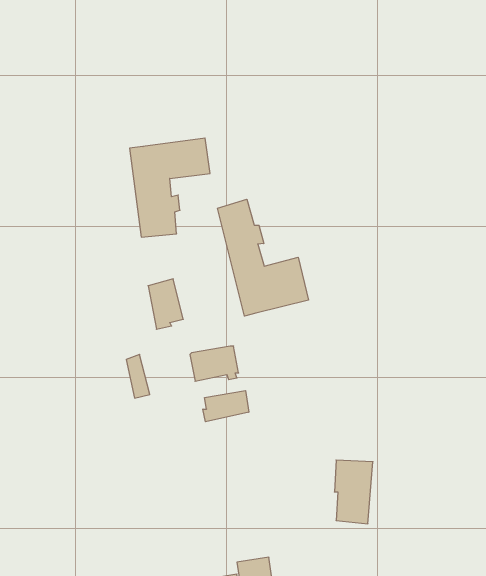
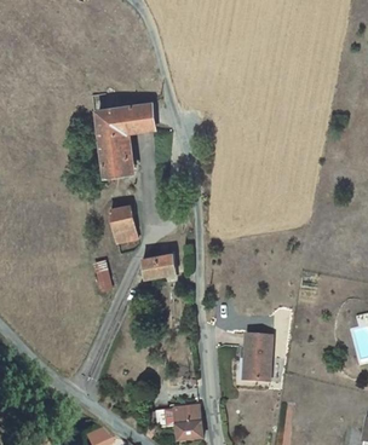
building: [217,199,308,316] -> none
building: [203,391,249,422] -> none

